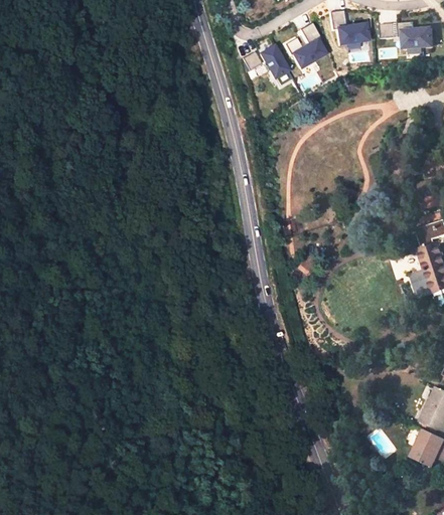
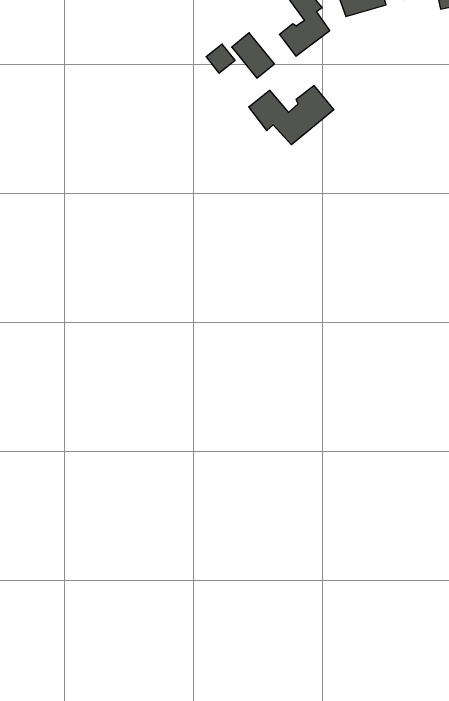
building: none -> [249,86,334,145]

